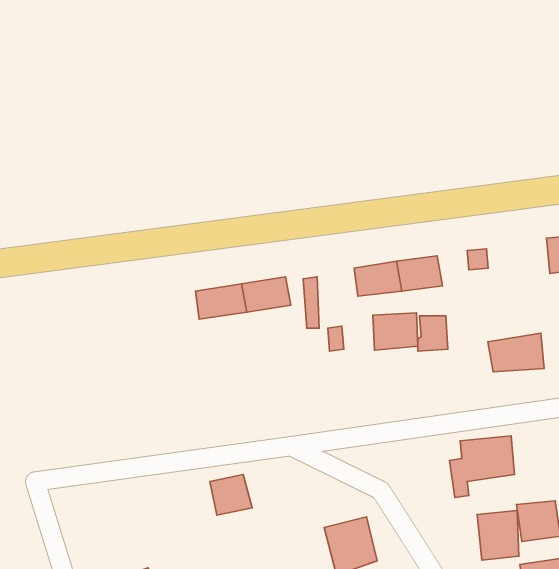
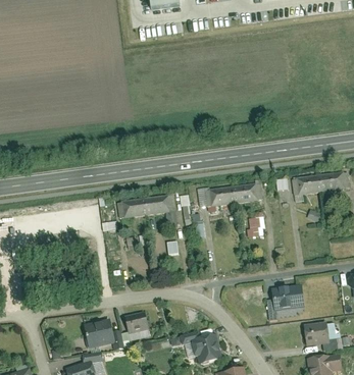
building: [373,313,418,350] -> none
building: [488,333,544,372] -> [291,170,323,193]
building: none -> [84,319,114,347]
building: [477,511,519,560] -> none

